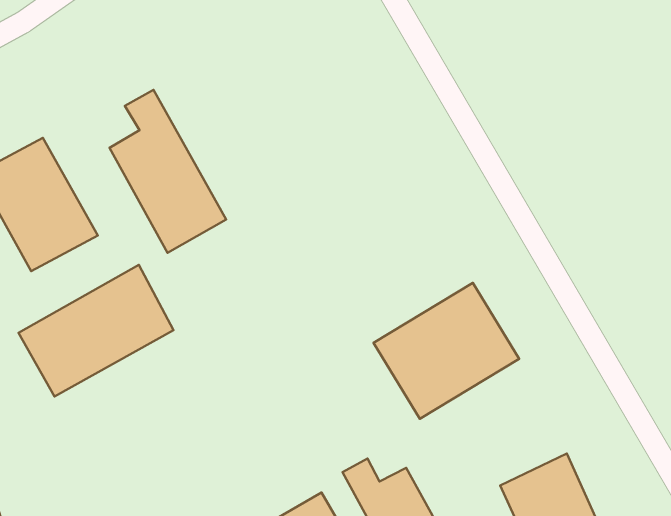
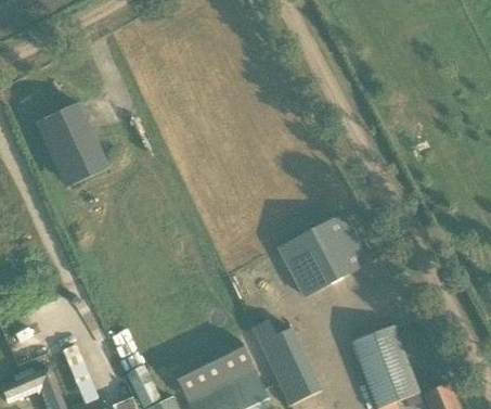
building: [109,90,226,253] -> none
building: [19,265,173,397] -> none

